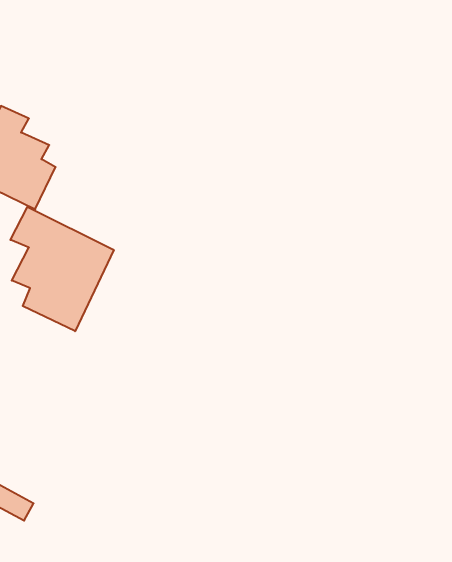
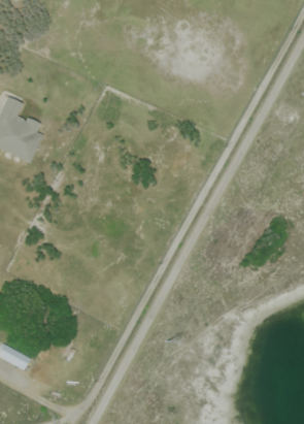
building: [10,207,114,331] -> none

